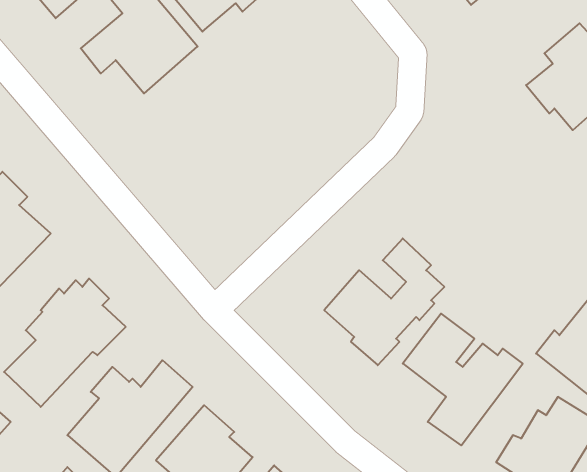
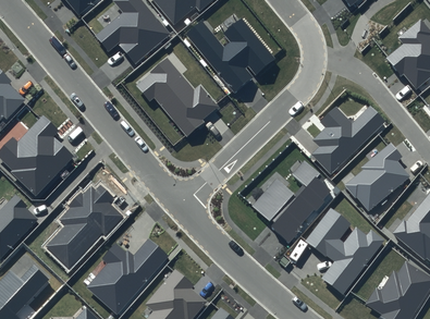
building: none -> [185,17,277,93]
building: none -> [136,58,218,135]
building: none -> [311,106,386,174]
building: none -> [346,143,410,211]

